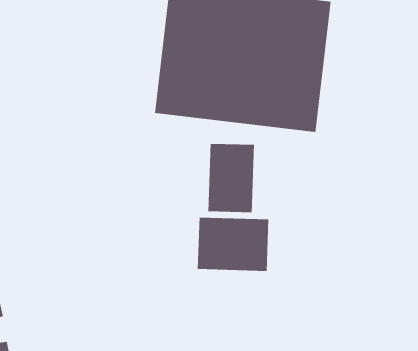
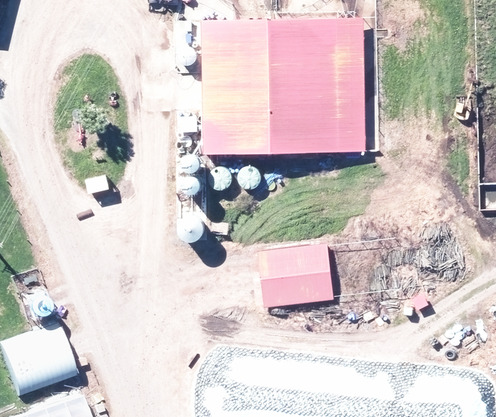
building: [208,143,255,213] -> none

